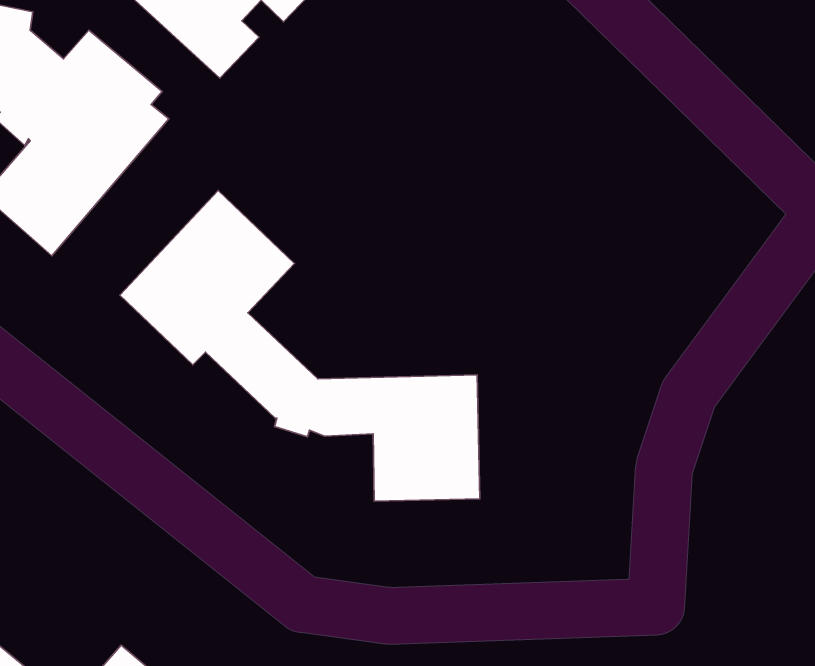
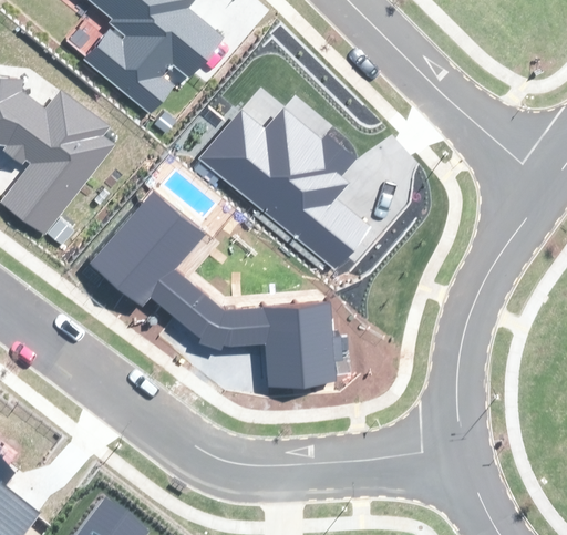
building: none -> [199,106,369,270]

